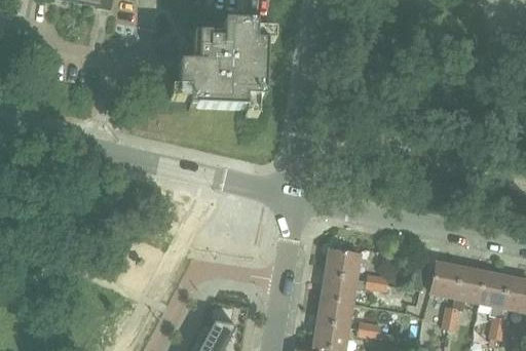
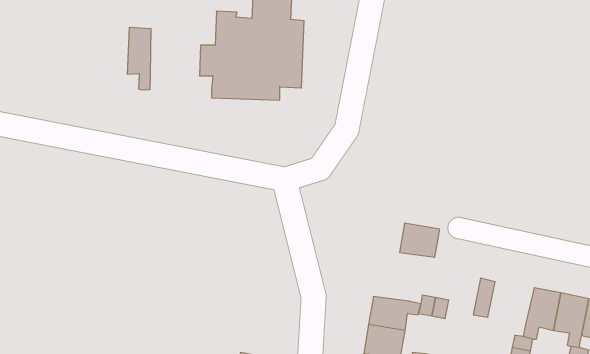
building: none -> [128,27,151,90]
building: [326,248,360,277] -> [399,223,440,257]
building: [430,261,461,297] -> none

